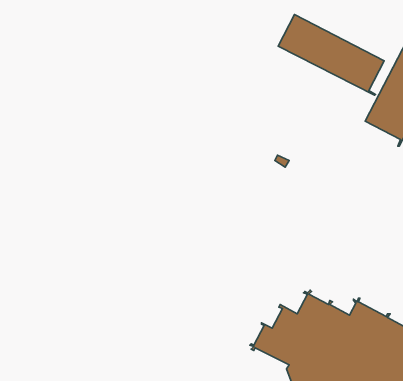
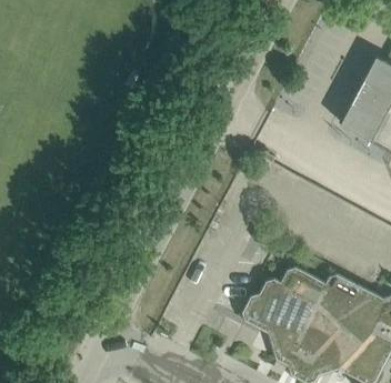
building: [278,14,384,95] -> none

